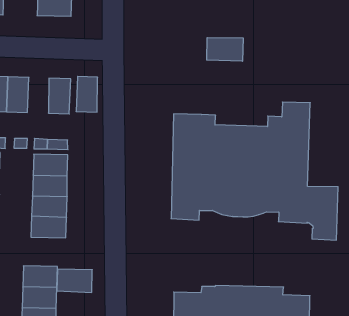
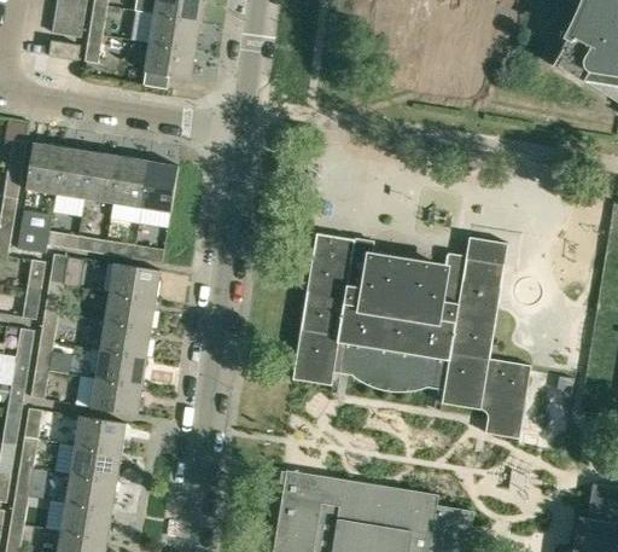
building: [207,38,243,61] -> none
building: [76,76,98,112] -> [112,156,148,209]
building: [57,269,92,292] -> [89,378,142,417]

